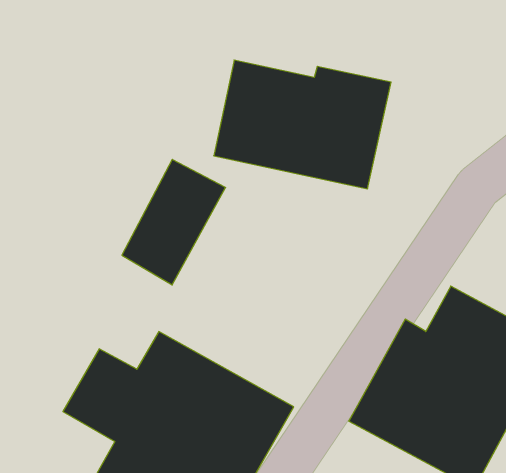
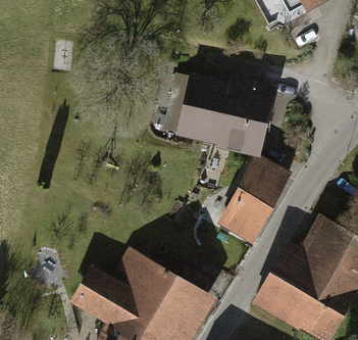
building: [122,159,226,285] -> [222,160,290,242]

